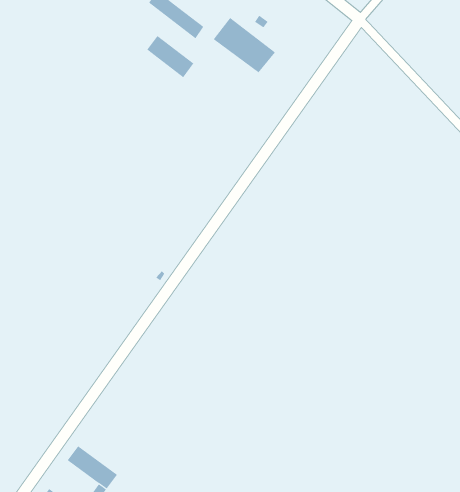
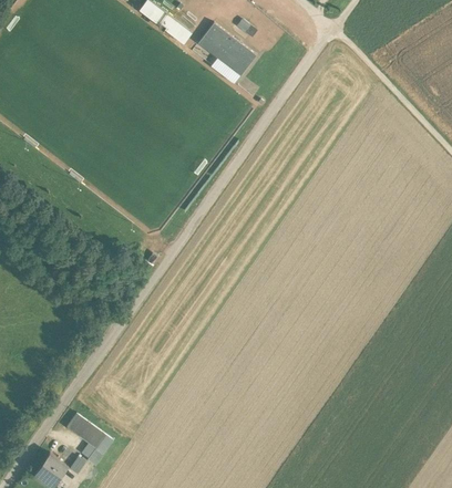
building: [147,35,194,78] -> none

